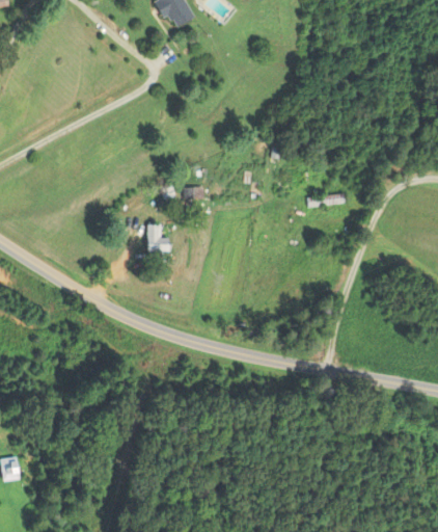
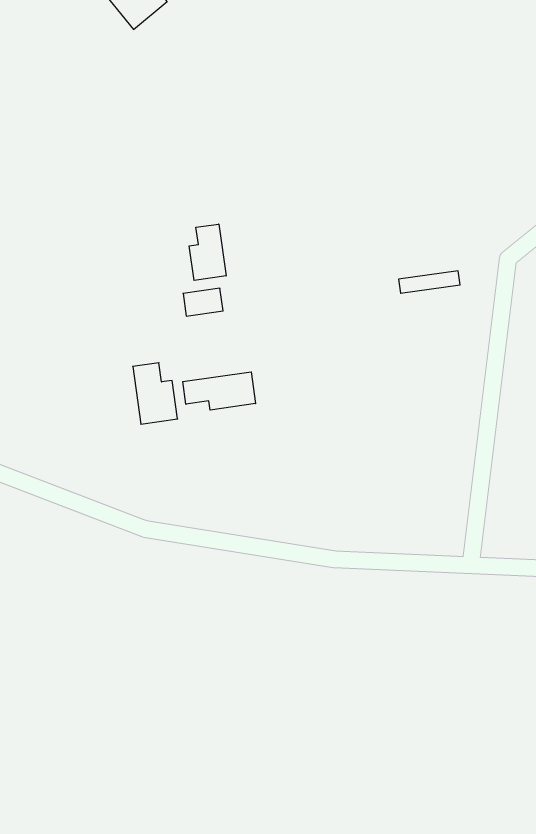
building: none -> [189,224,226,280]
building: none -> [183,372,256,410]

